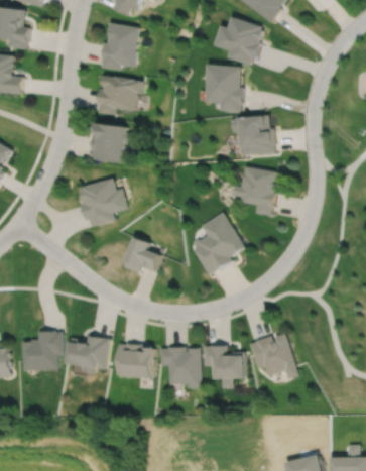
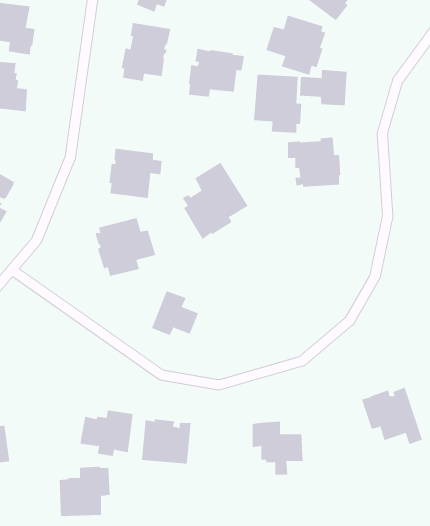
building: none -> [300,69,347,106]
building: [96,76,141,115] -> [188,48,245,97]
building: [233,167,278,217] -> none
building: [192,214,245,276] -> [182,162,249,240]
building: [21,329,63,369] -> [59,466,110,516]
building: [249,332,298,378] -> [361,387,423,445]
building: [158,345,200,386] -> none

